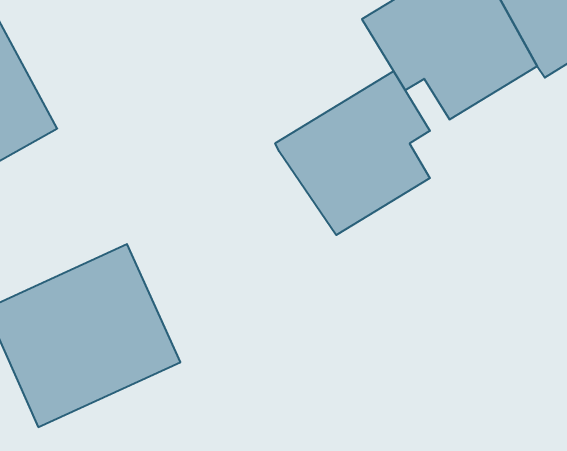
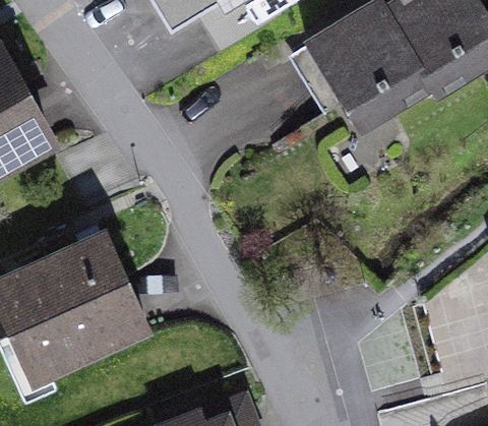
building: [275,71,430,235] -> none

